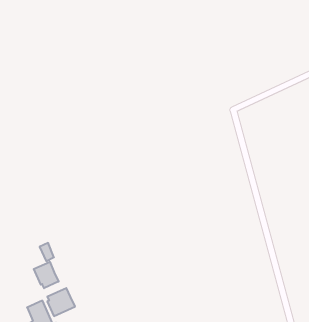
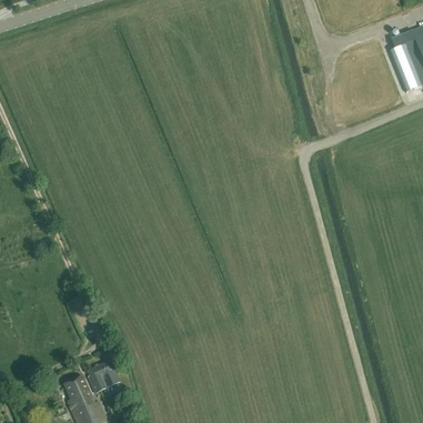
building: [34,262,59,288] -> none

